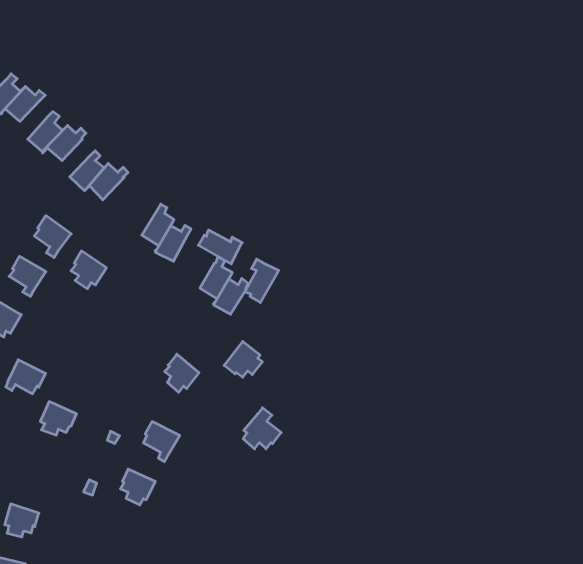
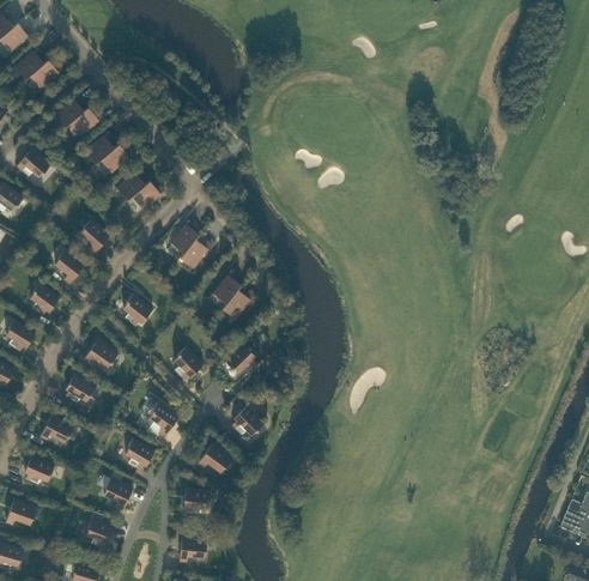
building: [198,230,242,264] -> none
building: [71,251,106,289] -> [122,293,152,326]
building: [245,259,279,303] -> none
building: [6,360,46,394] -> [84,339,119,369]
building: none -> [41,414,74,442]
building: none -> [198,443,232,473]
building: none -> [103,471,133,510]
building: none -> [183,489,211,514]

